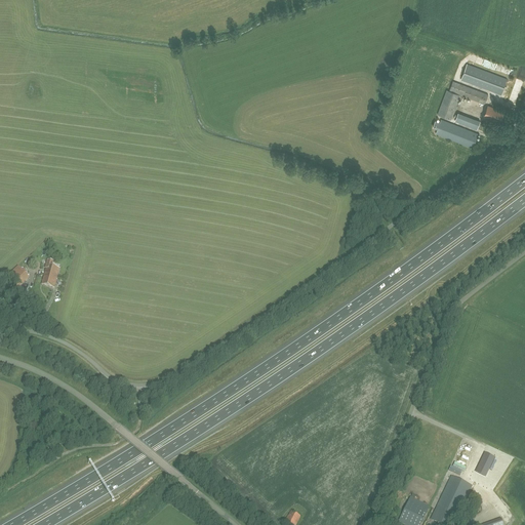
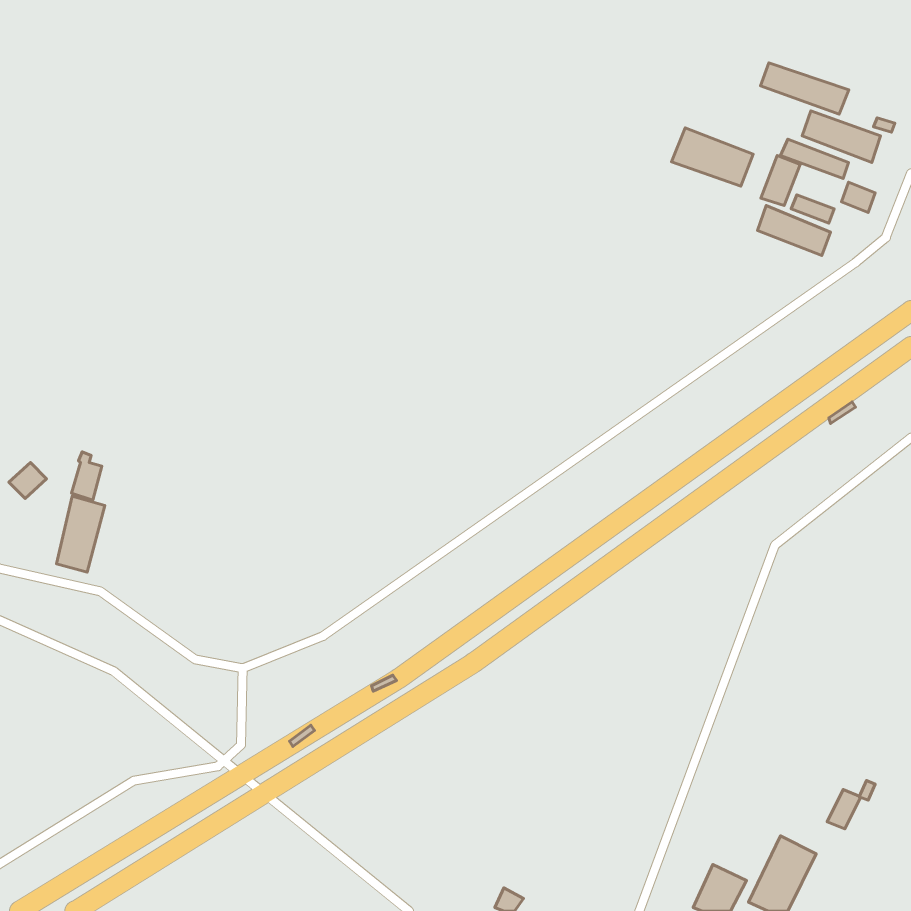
building: none -> [761,63,849,114]
building: none -> [671,128,753,186]
building: none -> [57,496,105,572]

